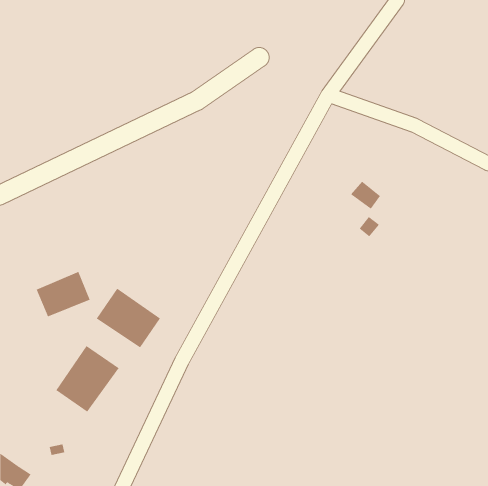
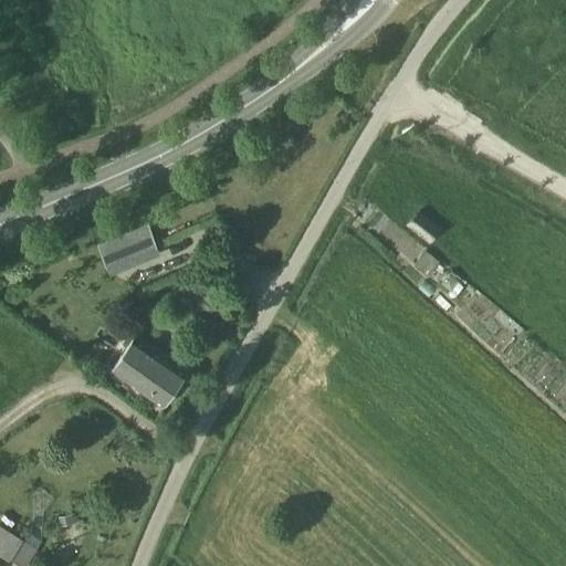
building: [36,271,90,317] -> [97,224,160,277]
building: [56,345,119,413] -> none

